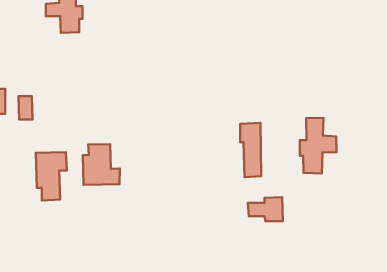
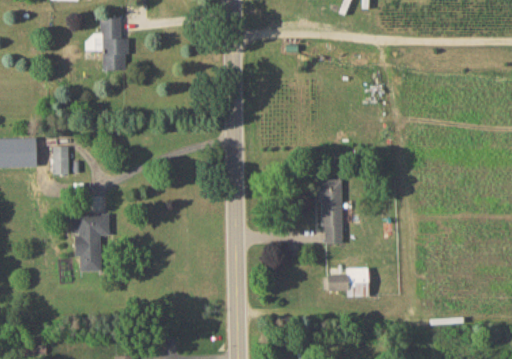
building: [300,118,337,174] -> none
building: [83,144,120,185] -> none

